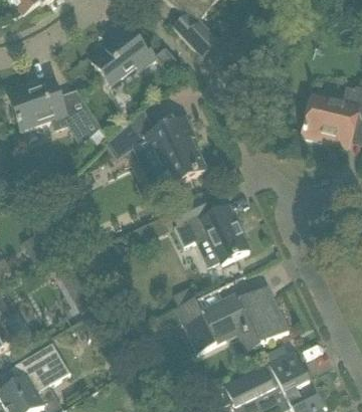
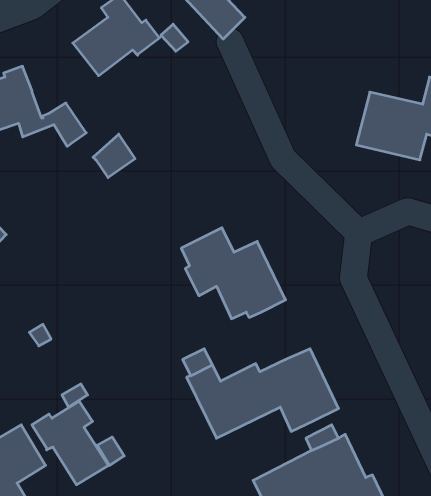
building: [146,117,204,186] -> none
building: none -> [32,401,109,485]

